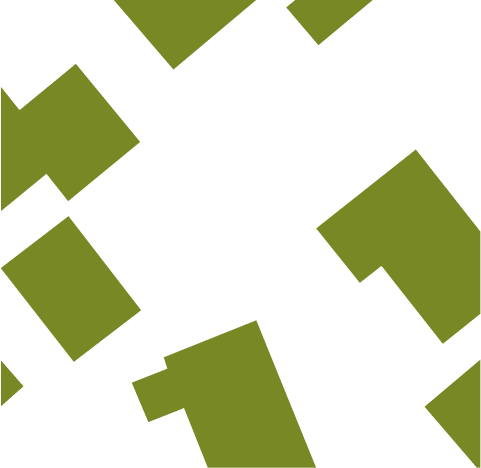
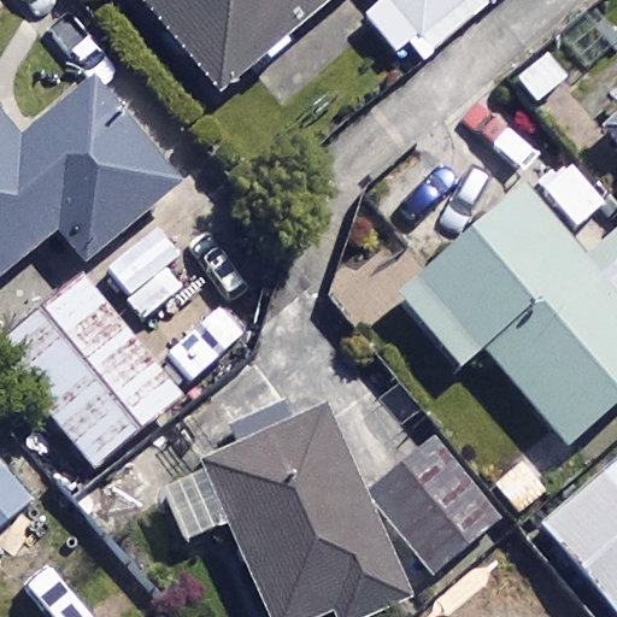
building: none -> [363,431,503,572]

